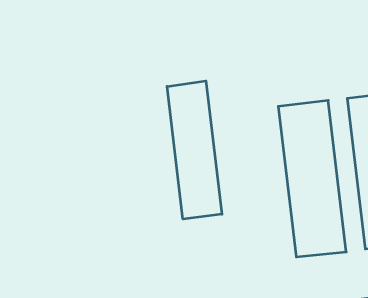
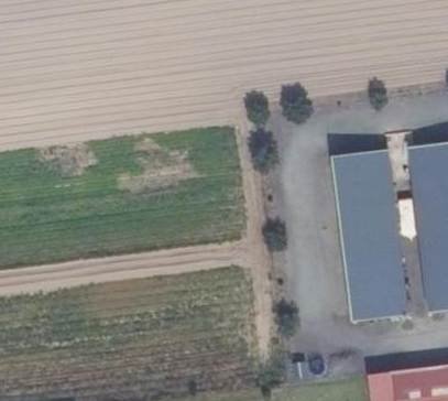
building: [167,81,222,219] -> none

